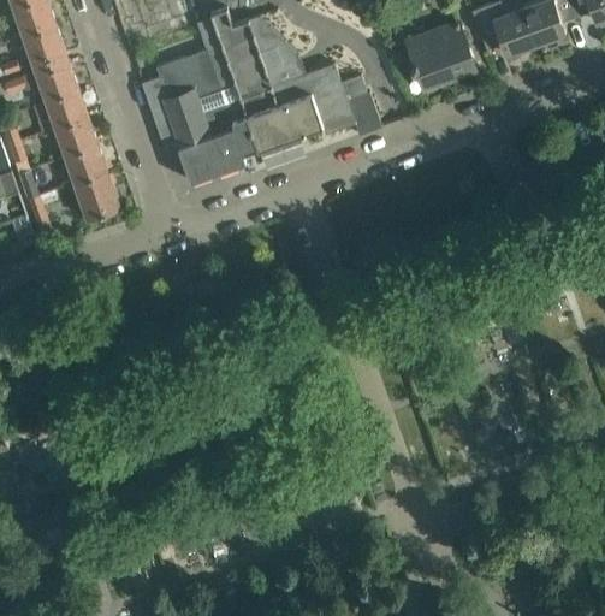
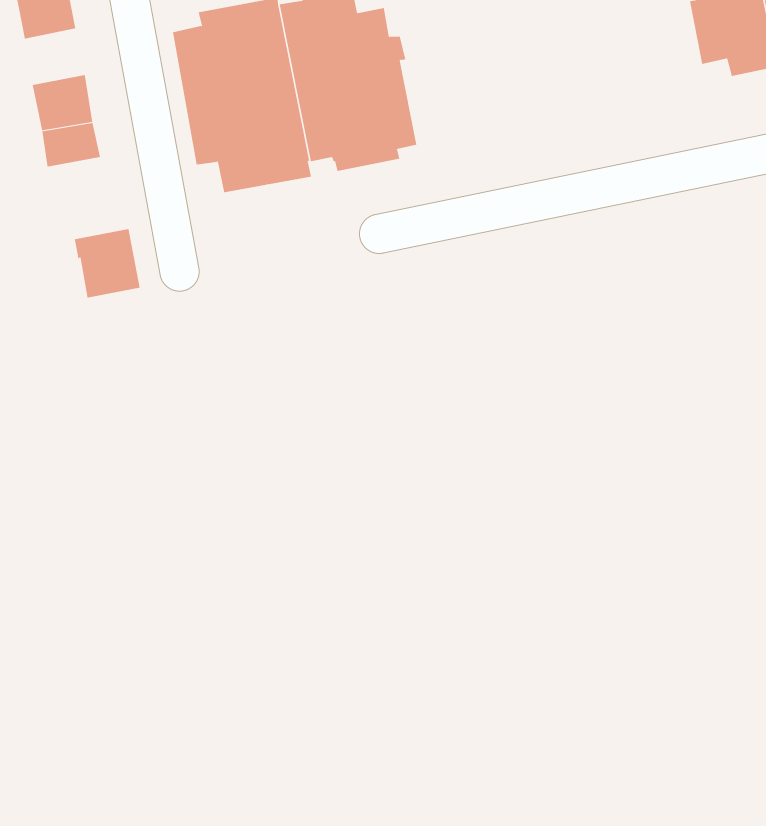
building: [407,23,474,87] -> none
building: [291,65,380,136] -> none
building: [46,91,89,132] -> none
building: [72,172,120,221] -> [74,229,140,298]

